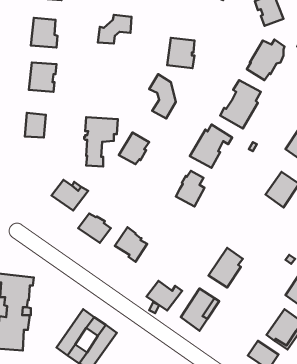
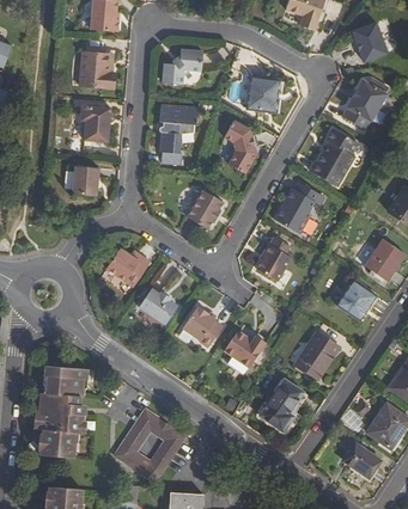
building: [84,117,118,167] -> [158,105,199,165]
building: none -> [339,281,377,319]
building: [147,281,182,310] -> [224,330,267,366]

